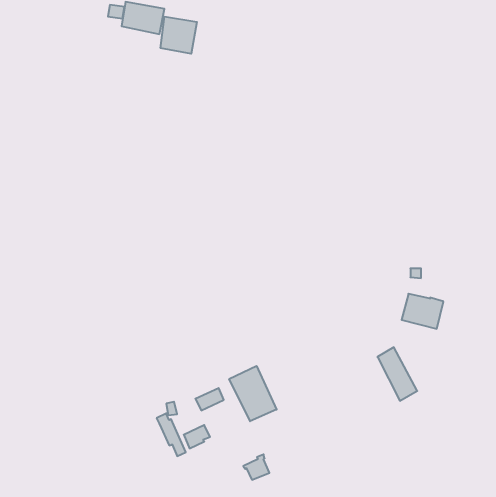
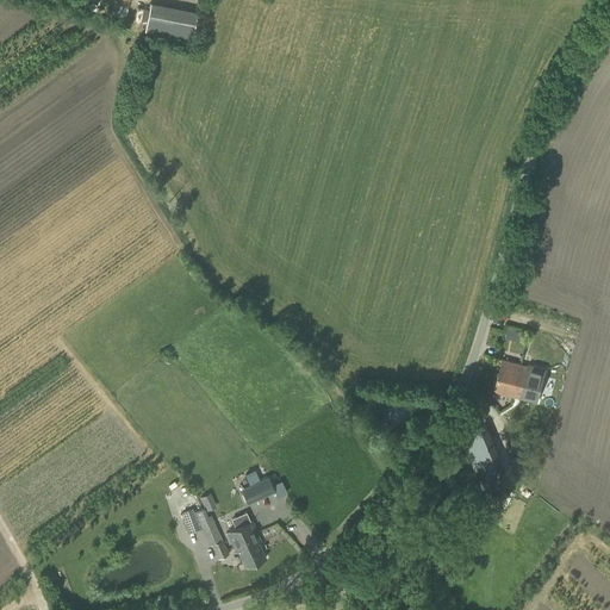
building: [161,17,197,54] -> none
building: [229,366,277,421] -> none
building: [243,454,269,480] -> [232,535,264,566]

